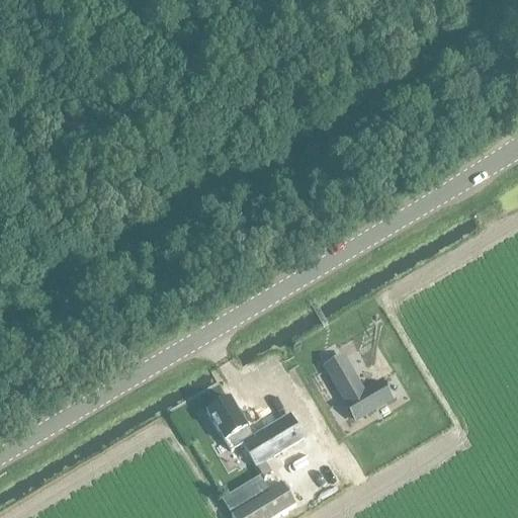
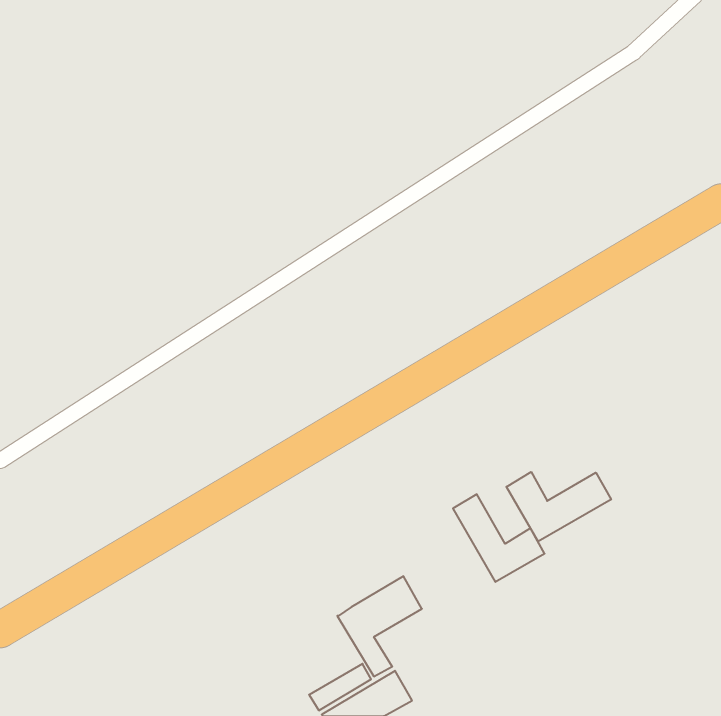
building: none -> [506,472,611,542]
building: [206,396,252,441] -> none

